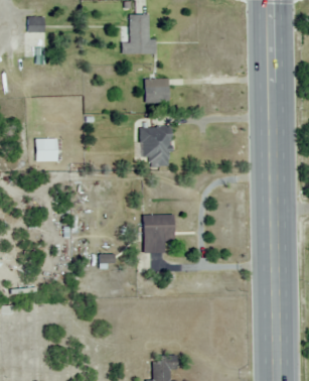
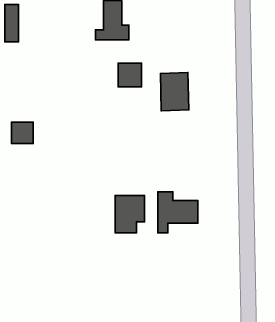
building: [141,127,170,166] -> [160,73,189,111]
building: none -> [158,192,198,233]

